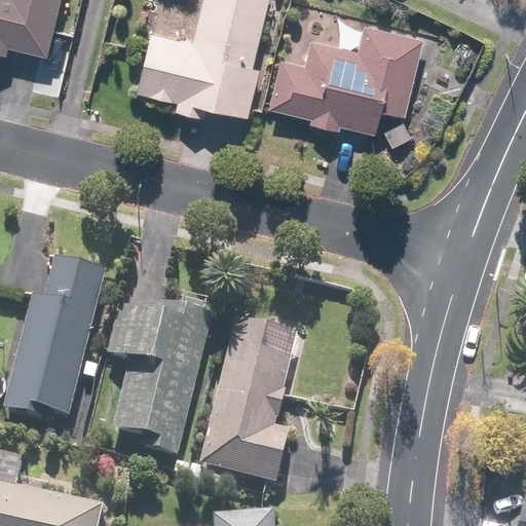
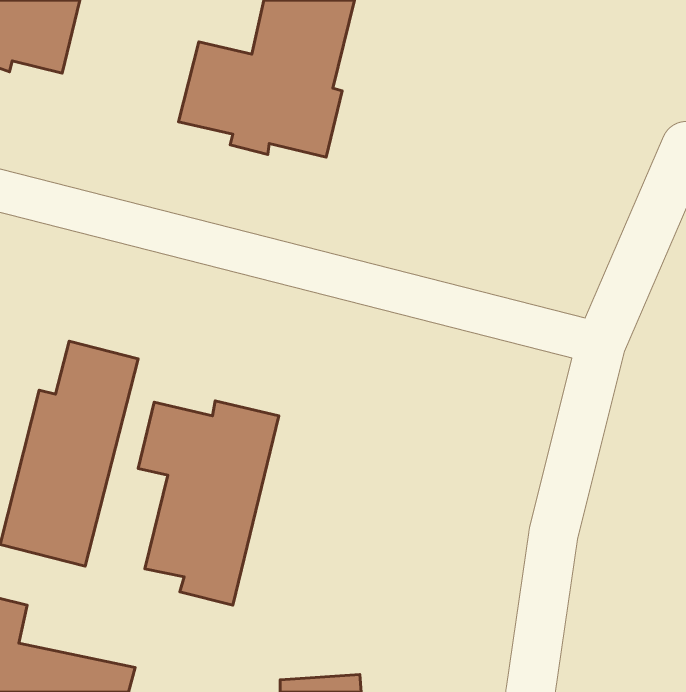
building: [267,23,423,135] -> none
building: [195,318,299,486] -> none

